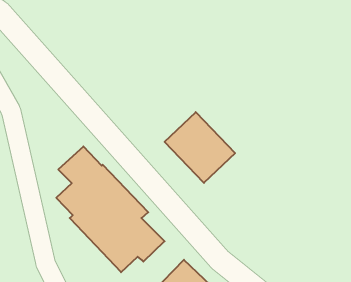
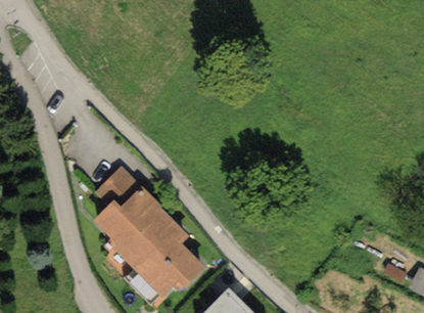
building: [165,112,235,183] -> none

